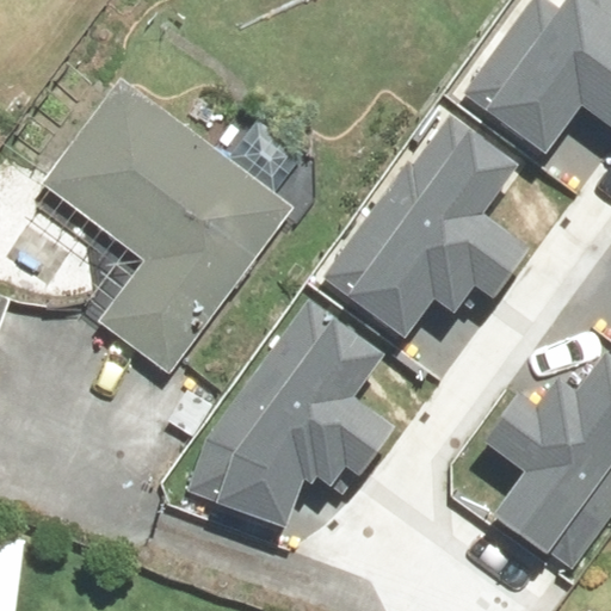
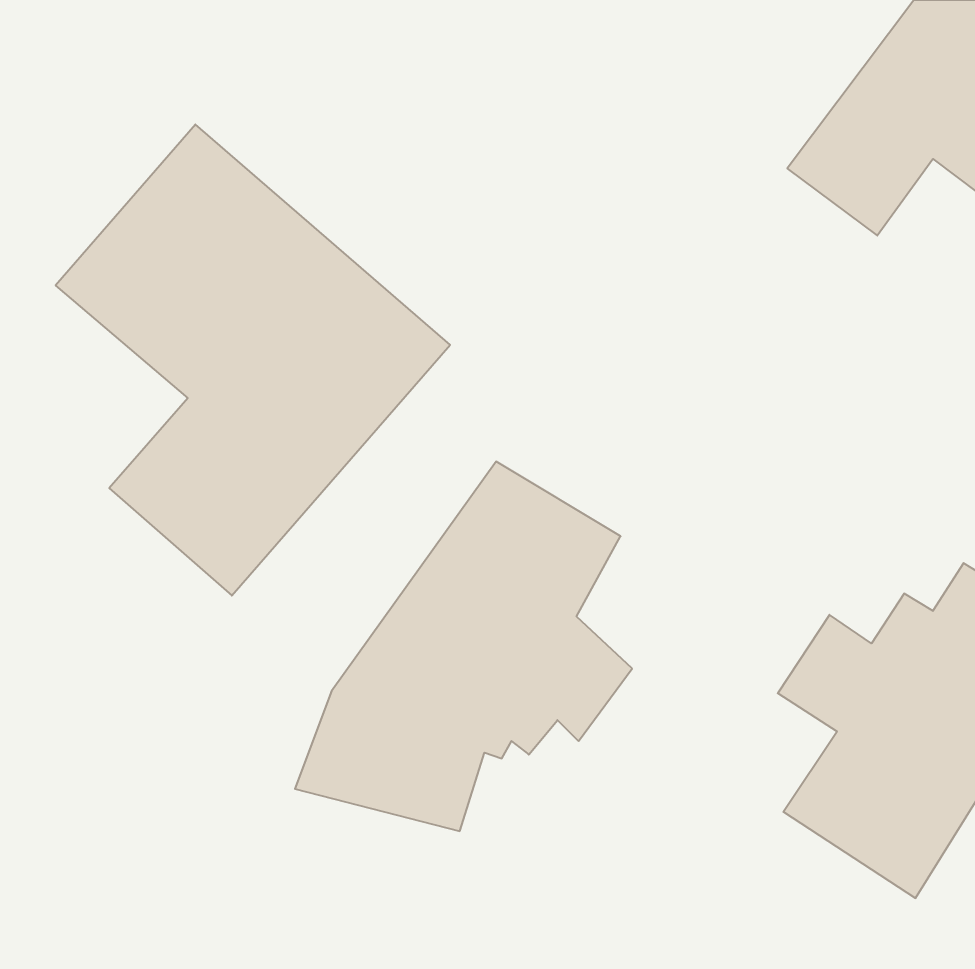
building: [337,112,526,321] -> none

